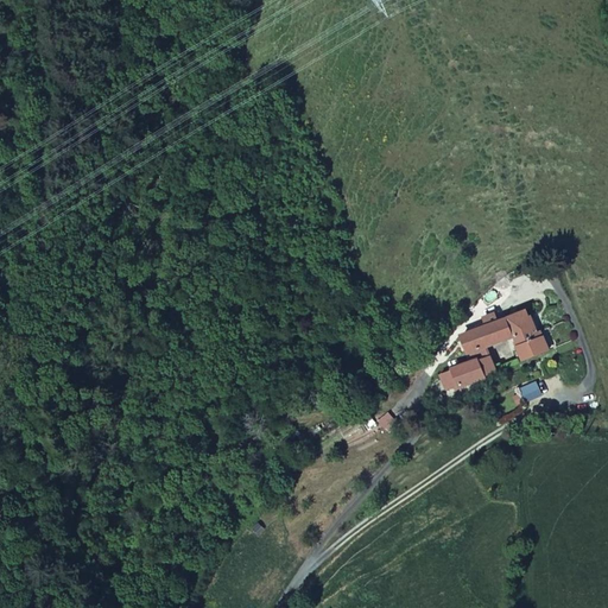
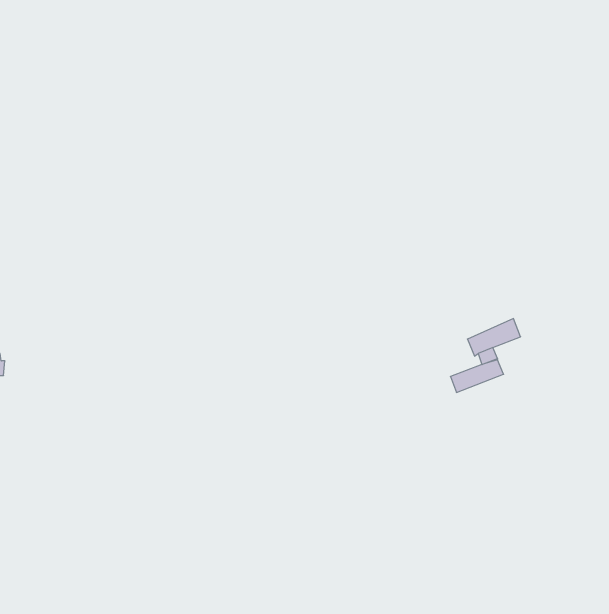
building: [504,309,544,356] -> none

